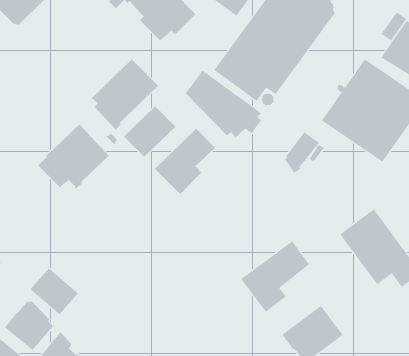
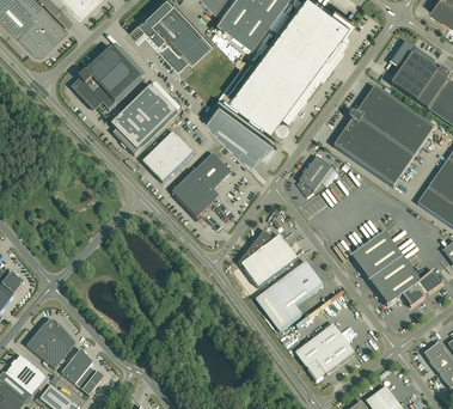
building: [38,124,109,189] -> [72,48,141,111]
building: none -> [238,231,298,289]
building: [30,268,79,315] -> none

